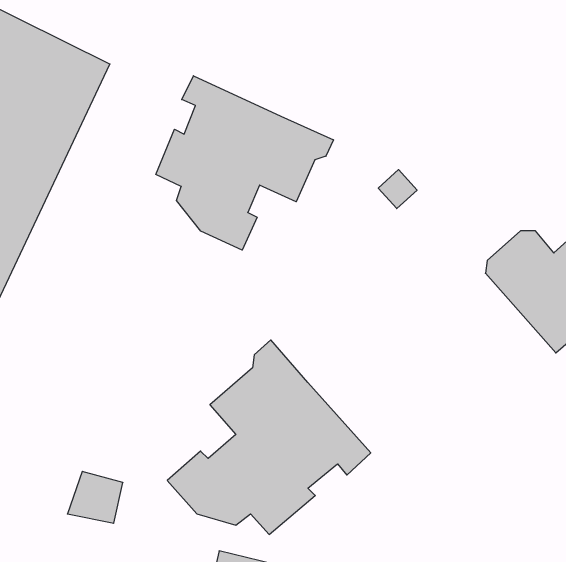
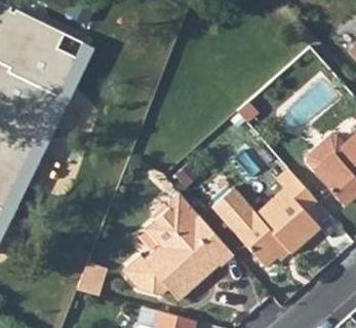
building: [156,76,333,250] -> none
building: none -> [215,170,322,267]

